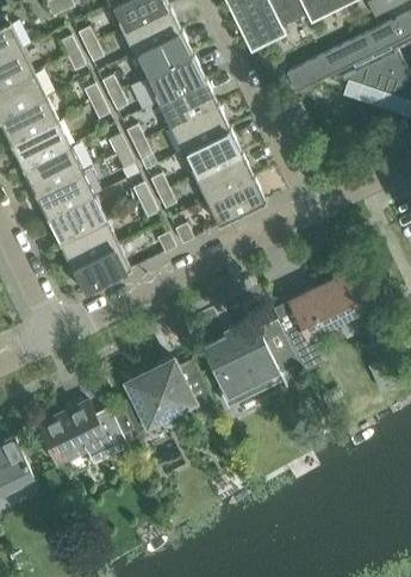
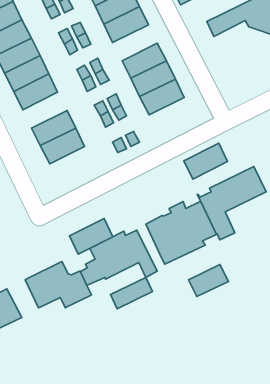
building: [157,79,218,128] -> none
building: [35,170,95,219] -> none
building: [207,178,267,227] -> [184,143,228,179]
building: [71,244,131,293] -> [69,218,113,254]
building: none -> [188,265,228,297]
building: none -> [111,277,152,309]

